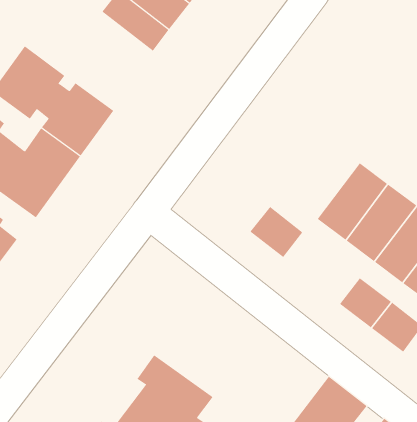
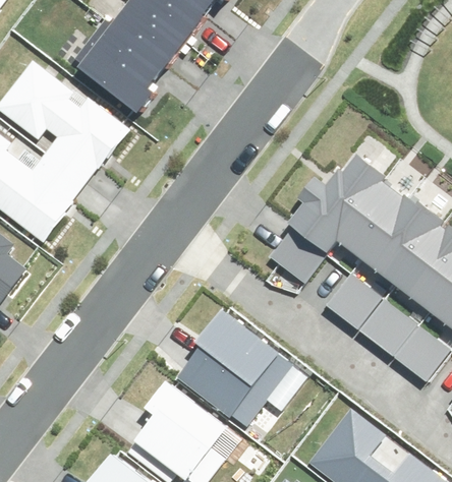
building: none -> [72,19,166,114]
building: none -> [289,156,386,252]
building: none -> [327,277,382,329]
building: none -> [180,310,295,427]

